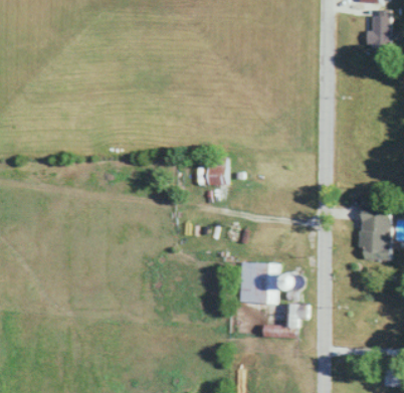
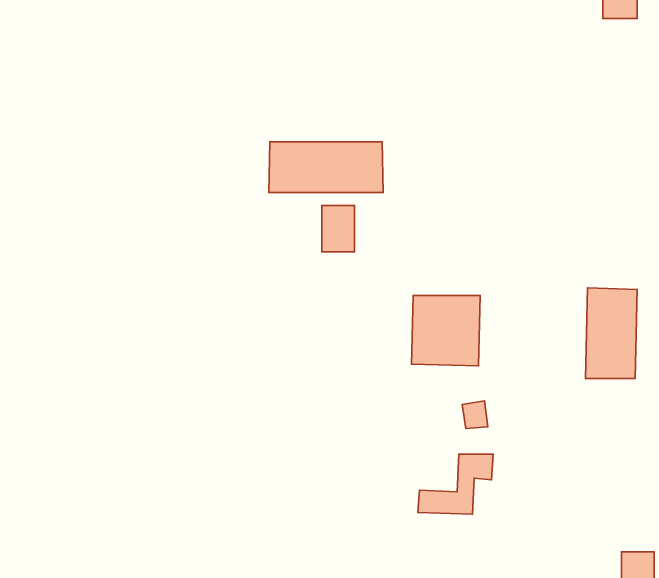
building: none -> [269,142,383,193]
building: [236,262,276,304] -> [412,296,480,366]

